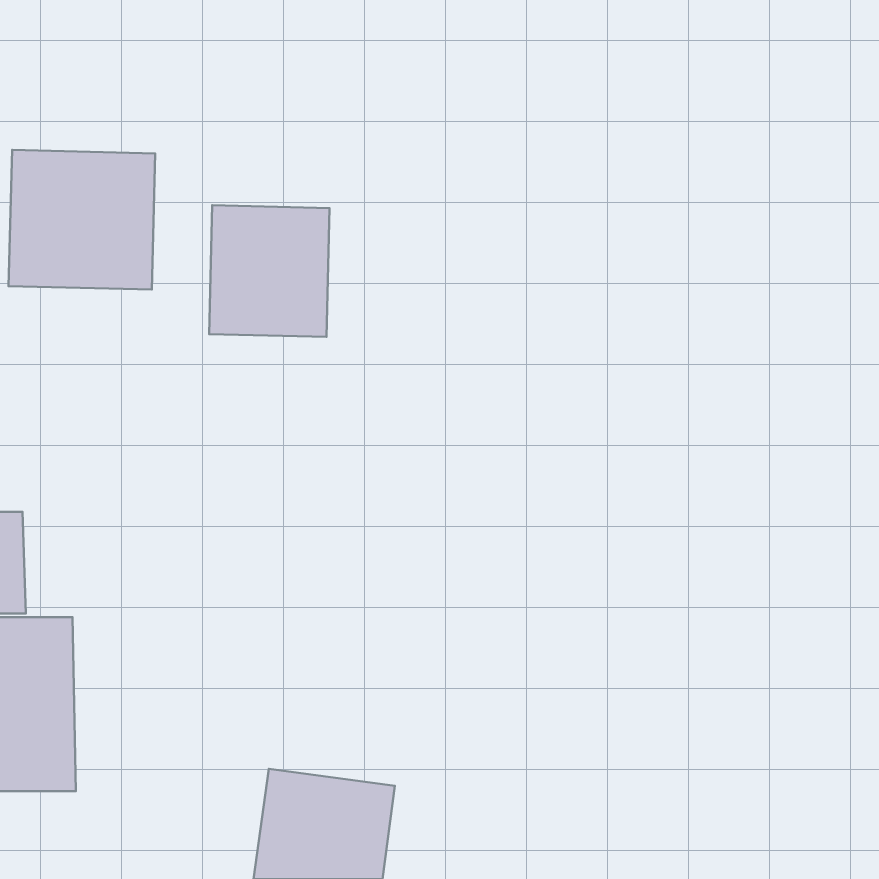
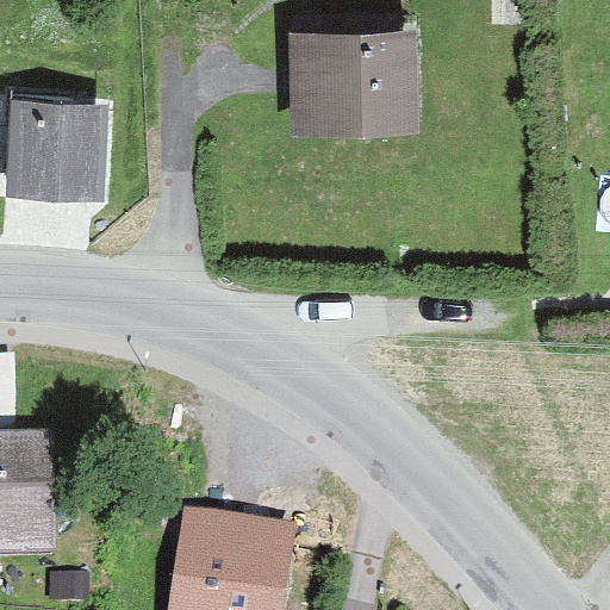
building: none -> [286,29,417,137]
building: [209,205,329,337] -> none

